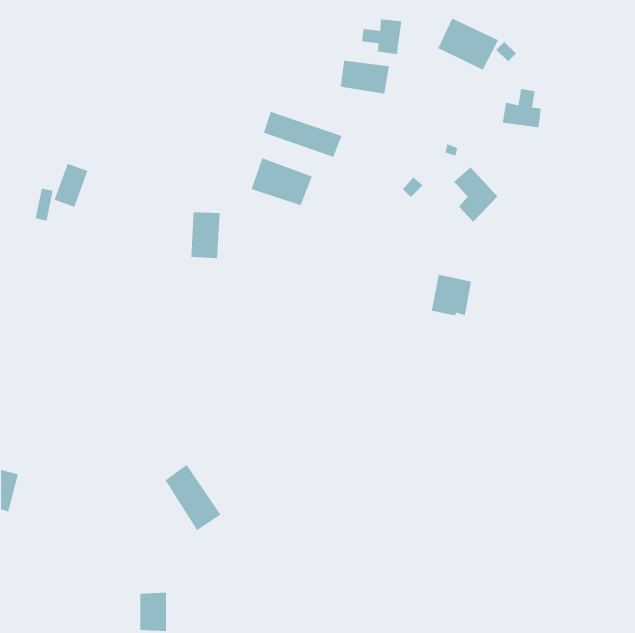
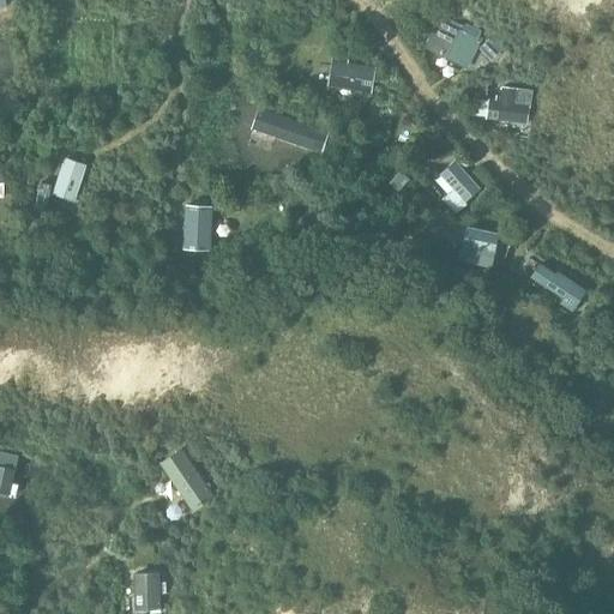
building: [361,19,402,55] -> none
building: [250,157,313,206] -> none
building: none -> [531,264,583,311]
building: [431,274,472,316] -> [458,227,498,267]

